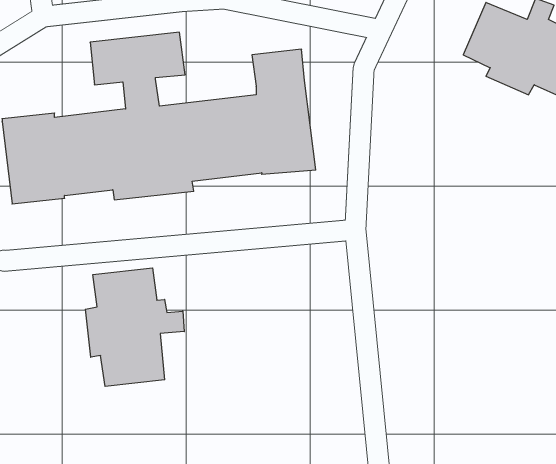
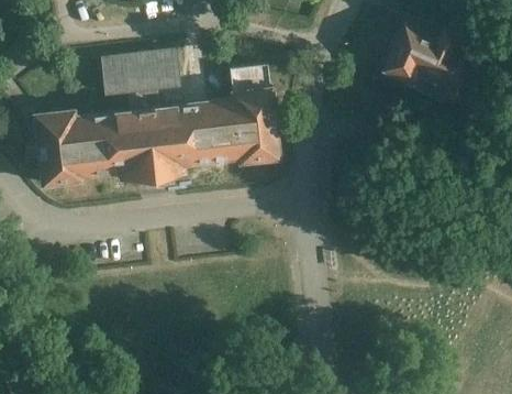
building: [85,268,184,386] -> none

